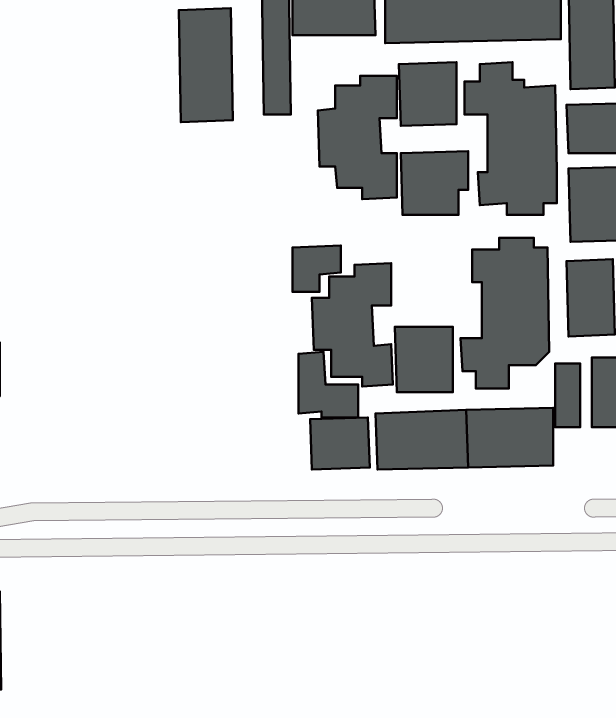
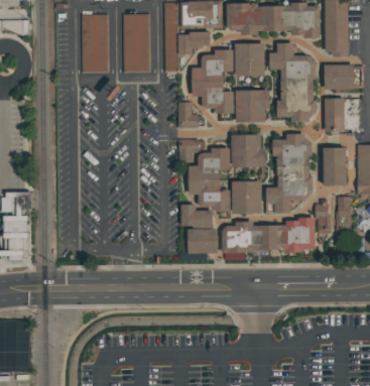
building: none -> [77,14,105,73]
building: none -> [177,31,210,53]
building: none -> [177,102,198,128]
building: none -> [232,133,266,167]

